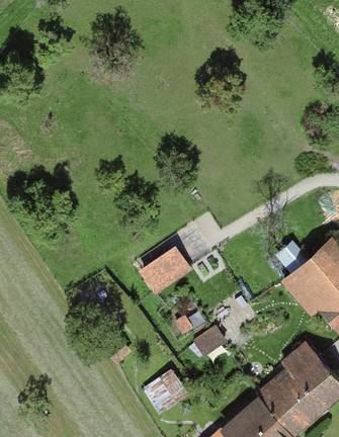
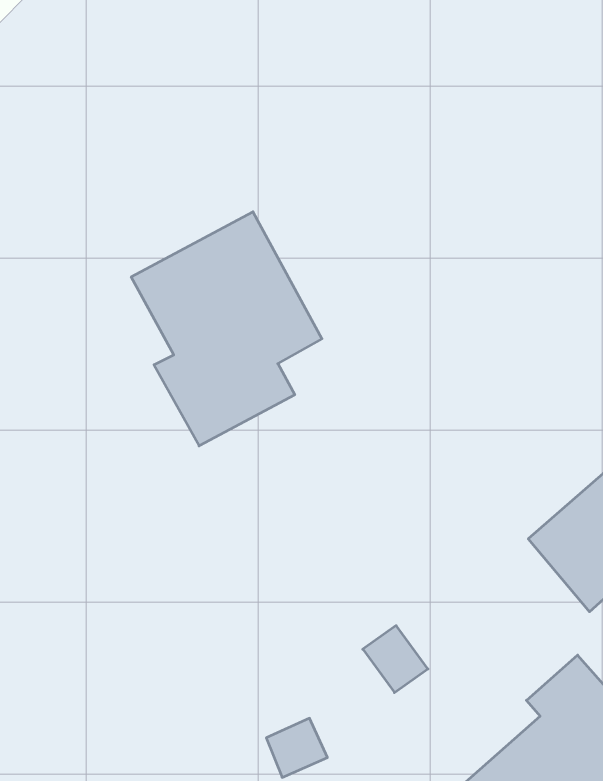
building: none -> [131,212,322,446]
building: [135,237,192,289] -> none

